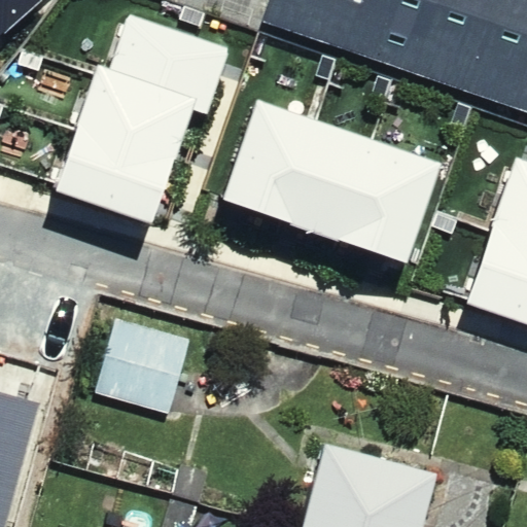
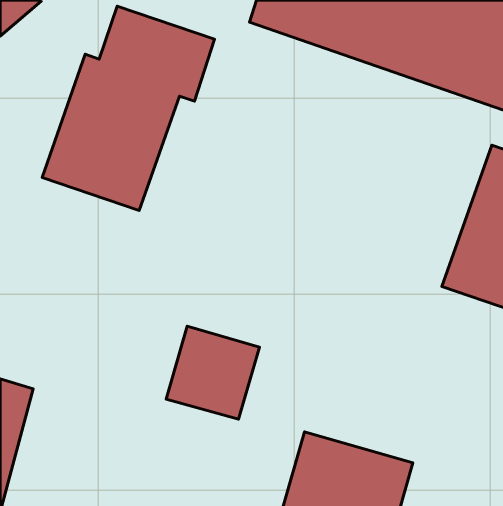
building: [219,96,440,259] -> none
building: [99,316,195,412] -> [166,326,259,419]

